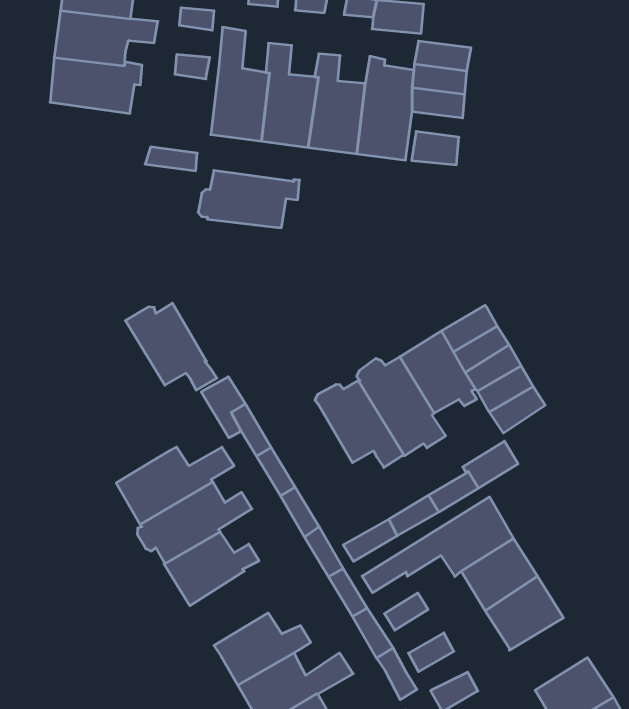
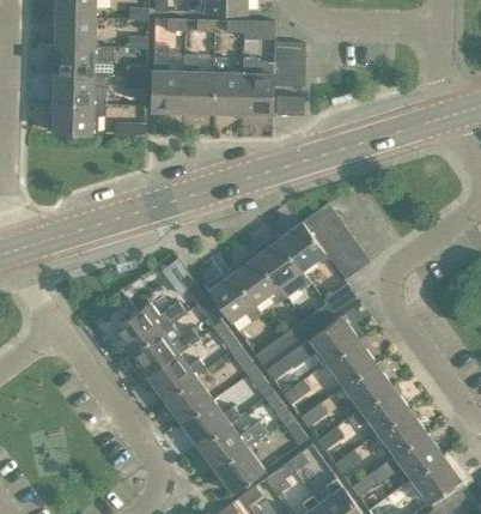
building: [198,170,300,228] -> [45,102,105,133]
building: [125,303,217,390] -> [205,271,263,322]
building: none -> [165,376,213,423]
building: none -> [347,387,409,433]

